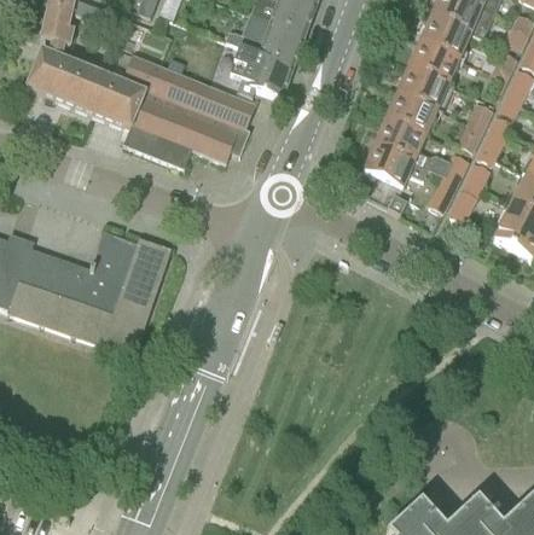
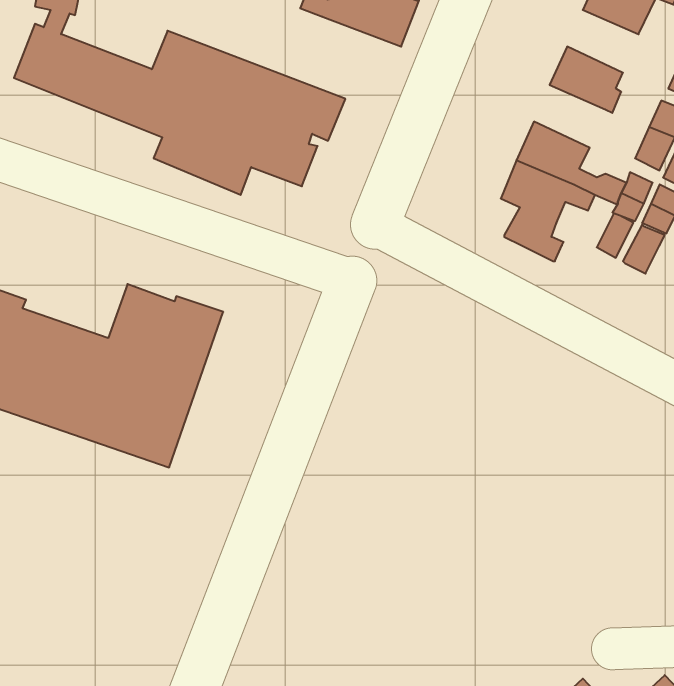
building: [410,39,459,82] -> none
building: [232,43,295,95] -> none
building: [387,91,436,134] -> none

